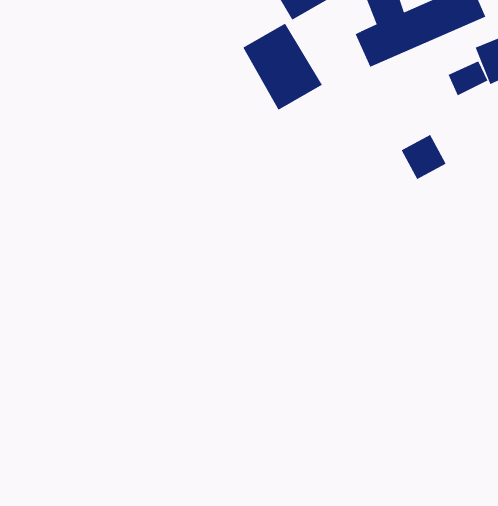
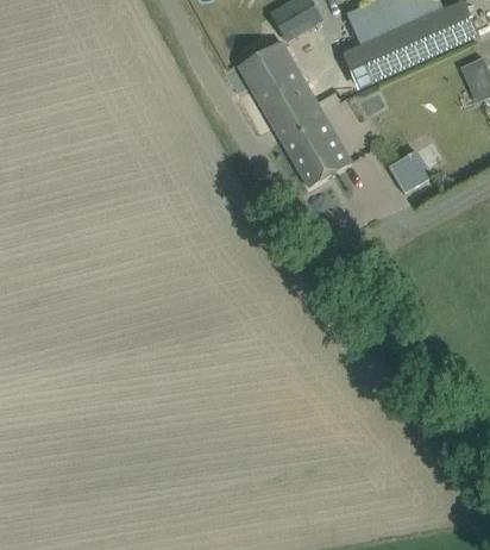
building: [448,61,488,96] -> none
building: none -> [271,101,348,186]

